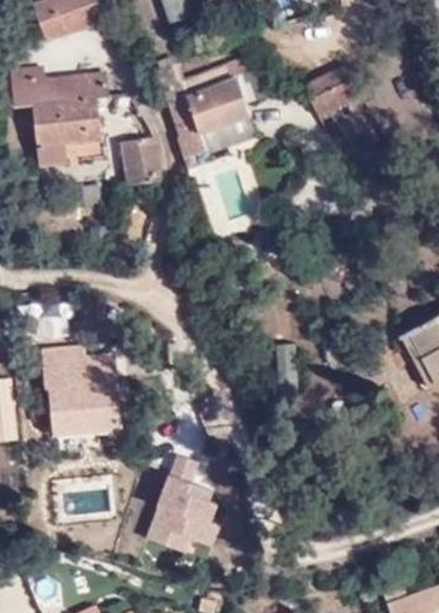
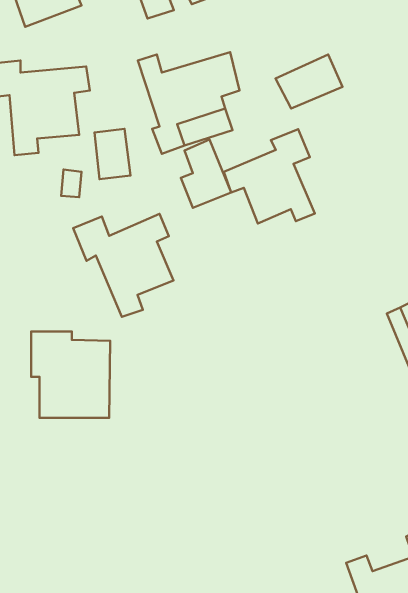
building: none -> [224,129,315,223]
building: none -> [73,214,173,317]
building: [146,453,224,553] -> none

